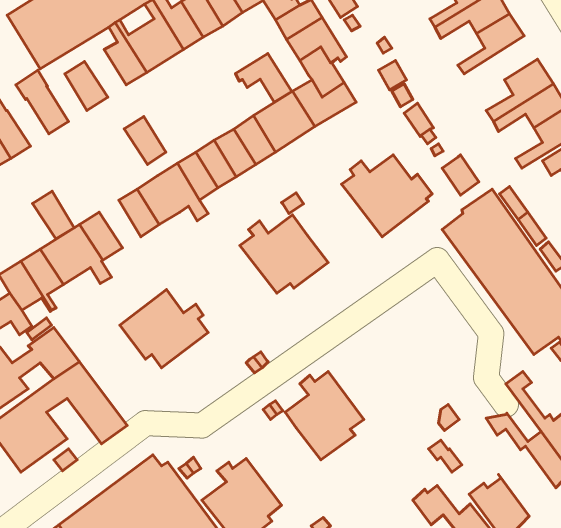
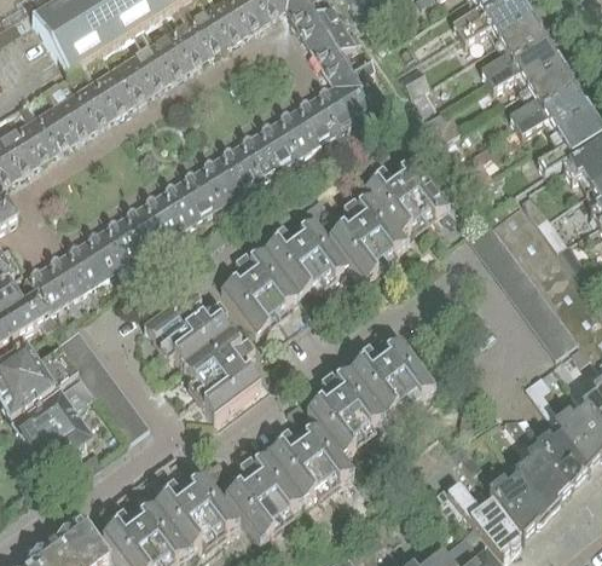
building: none -> [485,39,557,87]
building: [235,53,292,102] -> none
building: none -> [73,76,112,123]
building: none -> [34,100,75,148]
building: [124,117,166,164] -> [110,52,151,99]
building: [33,191,74,239] -> [125,201,166,248]
building: none -> [330,196,407,283]
building: none -> [221,246,300,334]
building: none -> [186,331,261,417]
building: none -> [351,340,438,417]
building: none -> [270,426,355,502]
building: none -> [519,447,572,513]

